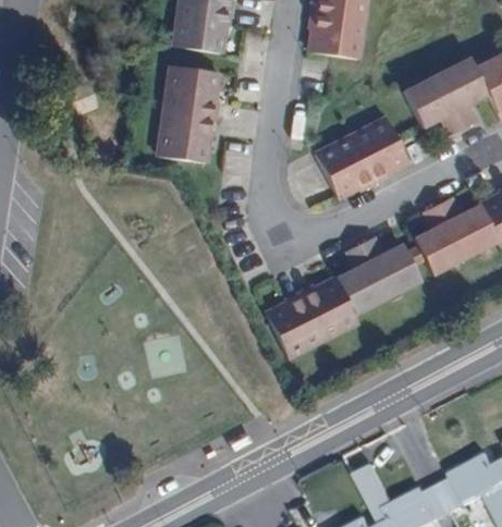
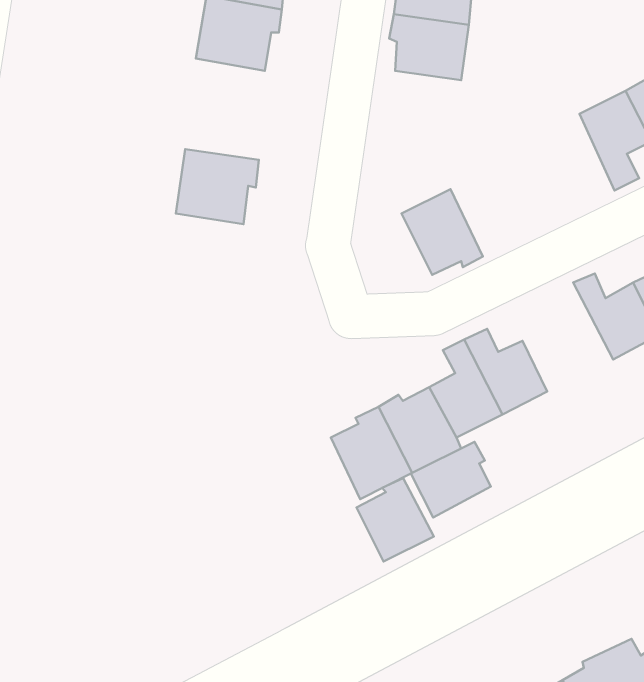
building: [163,64,218,115] -> none
building: [409,83,468,145] -> none
building: [352,117,409,184] -> none
building: [416,203,467,273] -> none
building: none -> [411,442,491,517]
building: none -> [357,478,434,561]

